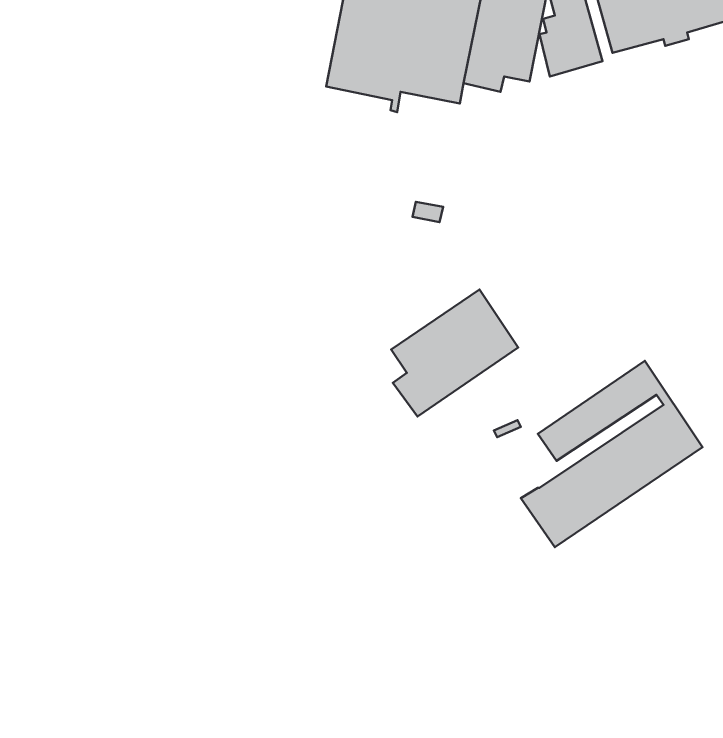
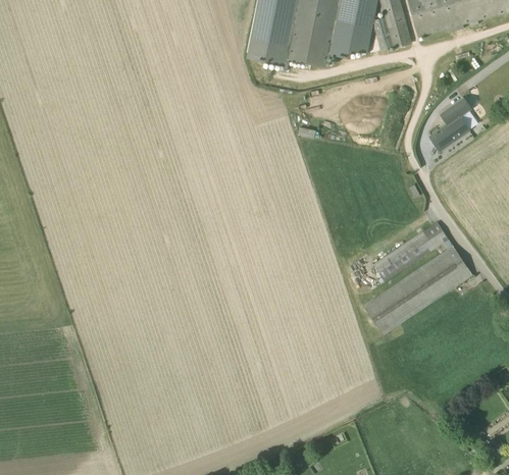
building: none -> [429,97,472,149]
building: [391,289,518,417] -> none

